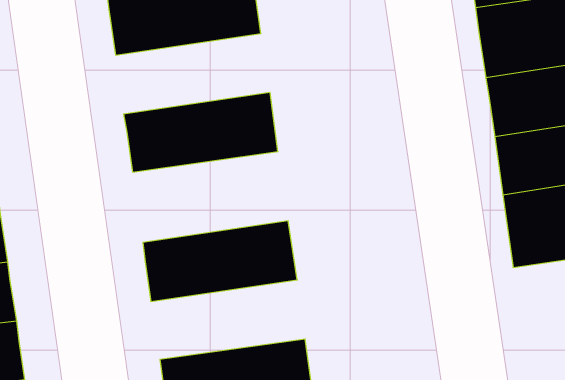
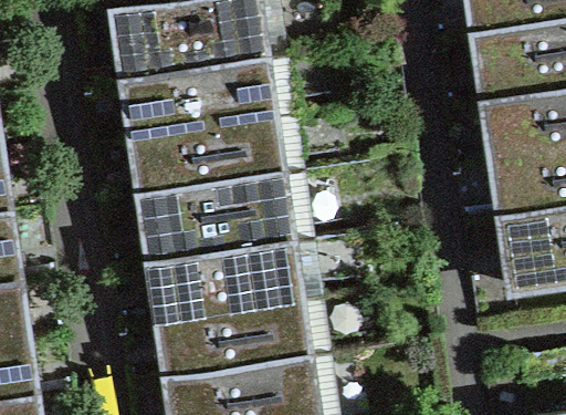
building: none -> [125,60,275,138]
building: none -> [142,175,293,263]
building: none -> [159,300,310,377]

